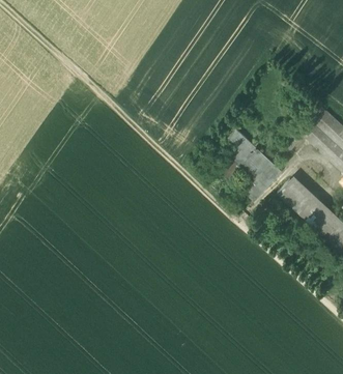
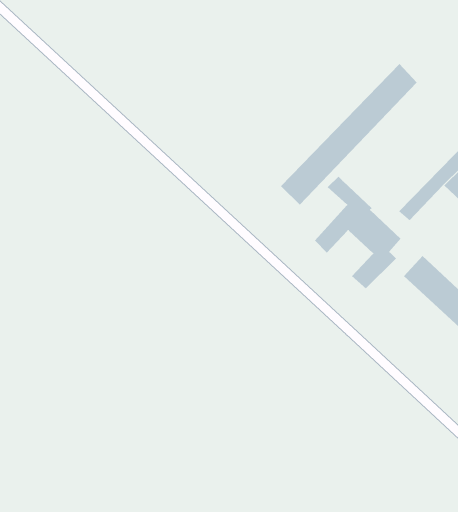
building: none -> [280,63,418,205]

